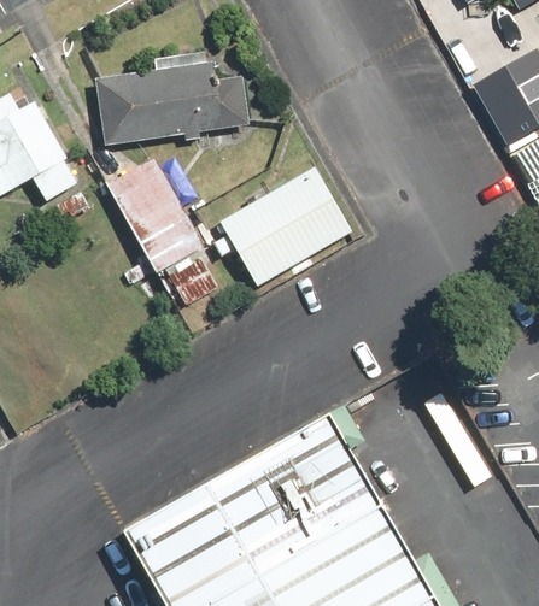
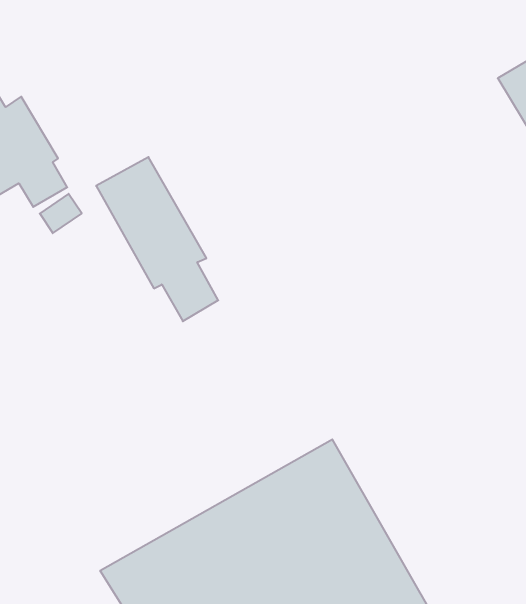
building: [96,51,251,146] -> none
building: [219,165,355,290] -> none

